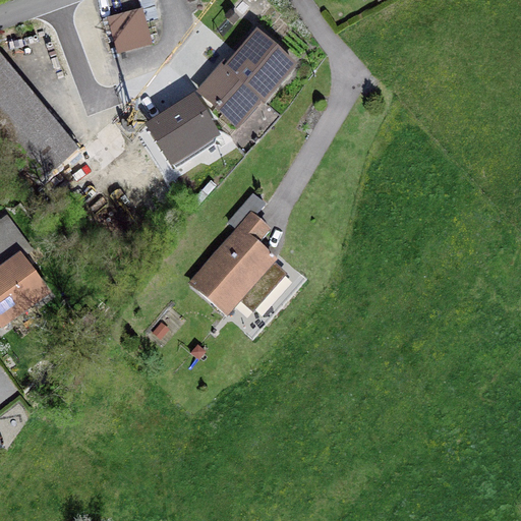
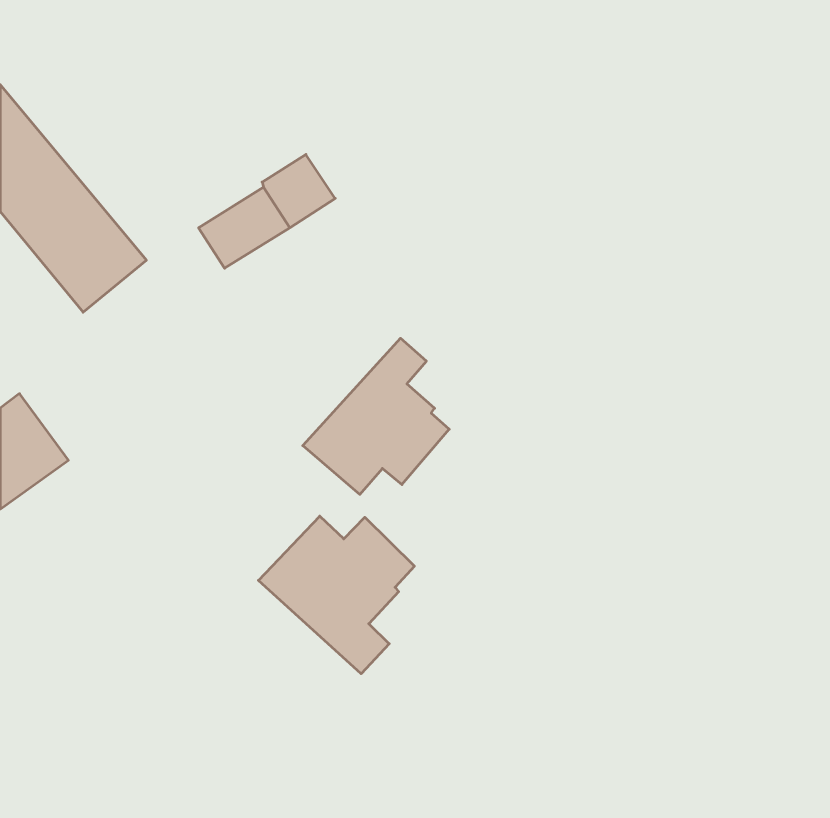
building: [110,6,148,44] -> none
building: [199,30,292,115] -> none
building: none -> [258,516,414,674]

